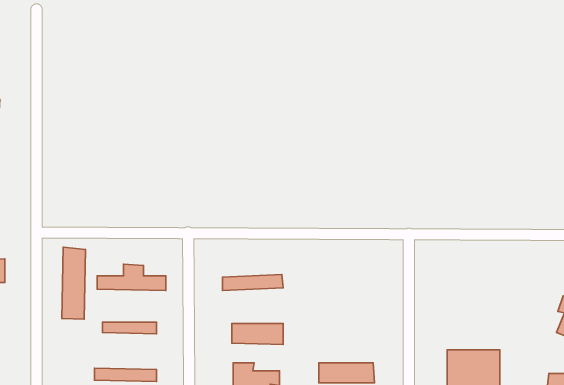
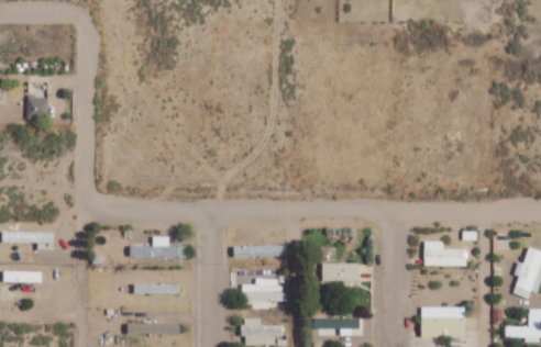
building: [62,247,85,319] -> none
building: none -> [423,242,466,267]
building: none -> [322,264,358,281]

